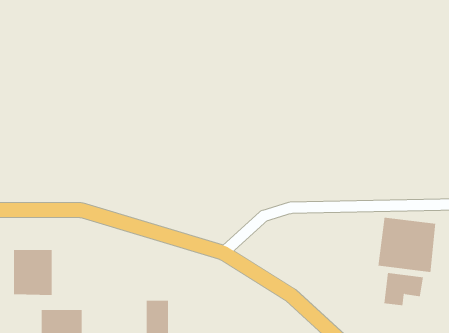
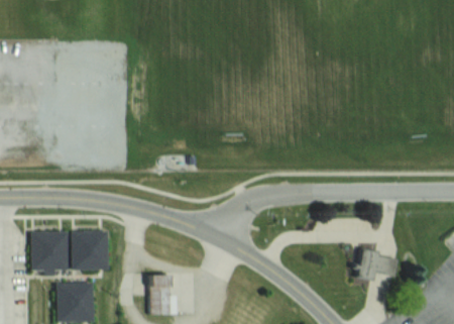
building: [378,217,436,273] -> none
building: none -> [72,230,107,269]

